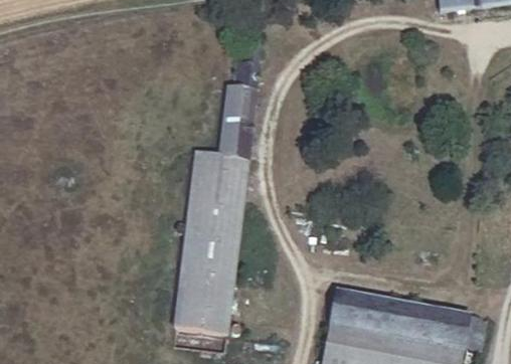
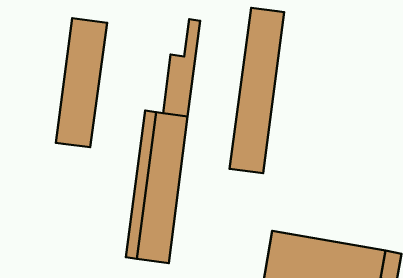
building: none -> [229,8,284,173]
building: none -> [56,18,107,147]

